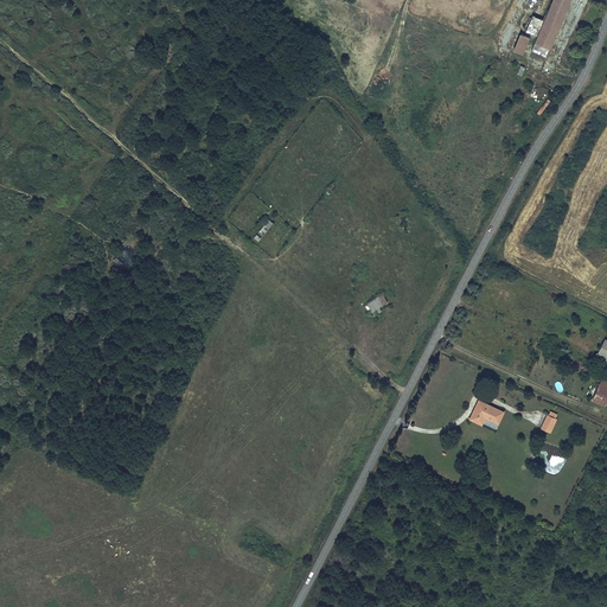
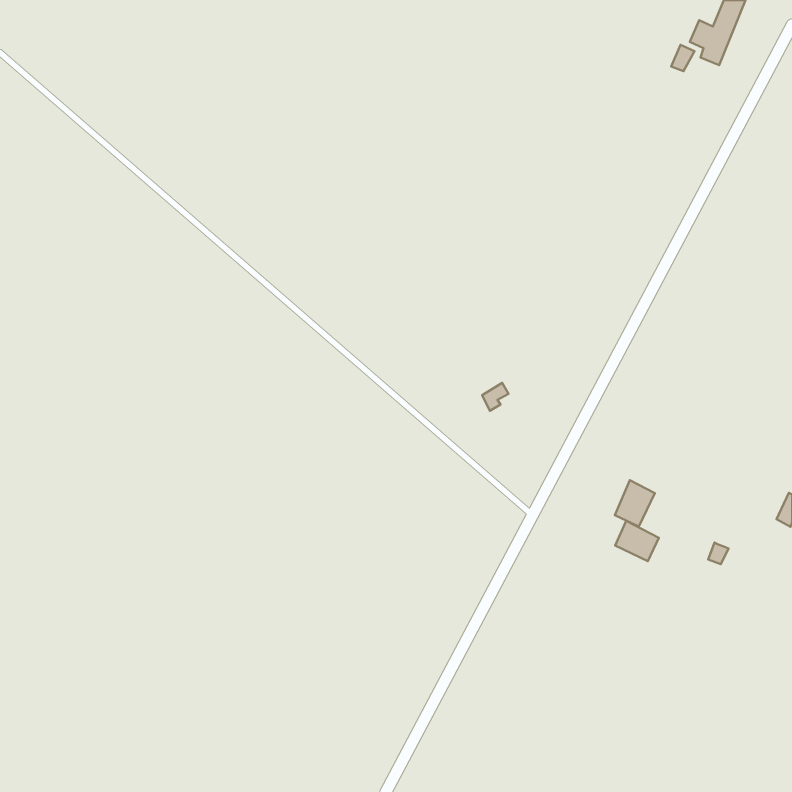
building: none -> [615,480,655,527]

